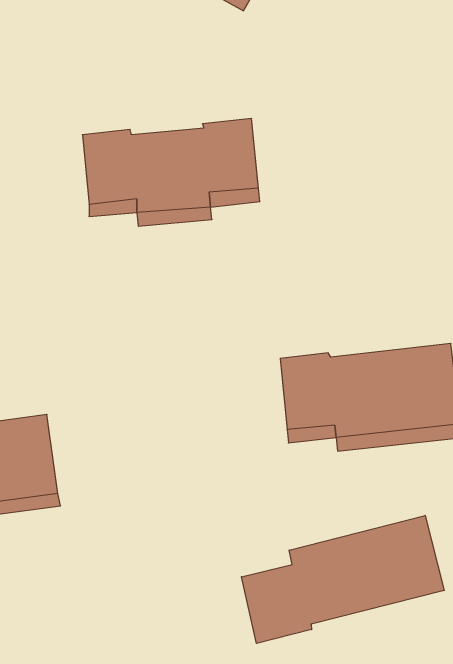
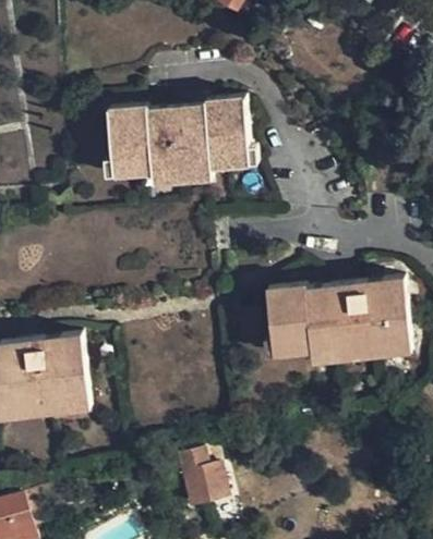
building: [241,515,444,643] -> none
building: none -> [177,450,229,507]

